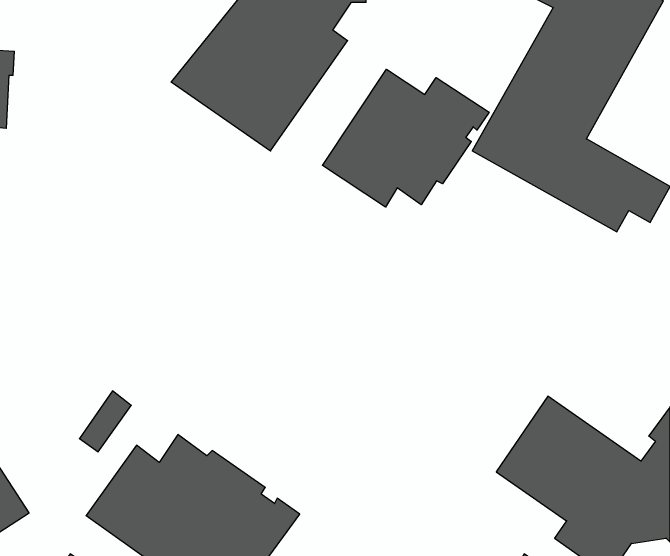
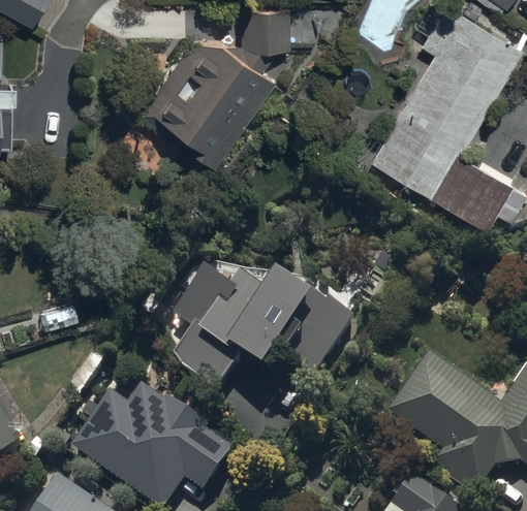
building: [322,69,489,207] -> none
building: none -> [173,268,353,388]

